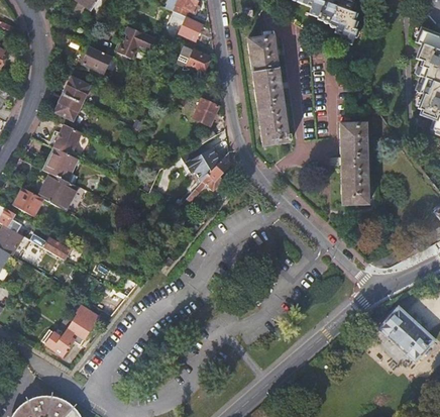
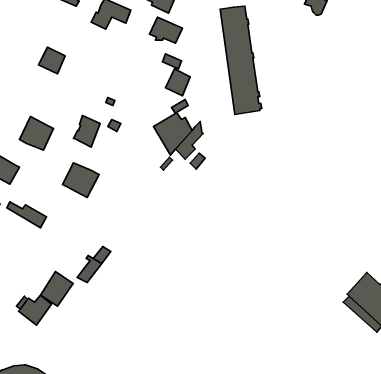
building: [67,36,109,68] -> none
building: [56,94,83,120] -> none
building: [340,122,369,204] -> none
building: [54,123,82,155] -> [73,116,100,147]
building: [40,174,78,209] -> [63,163,99,198]

